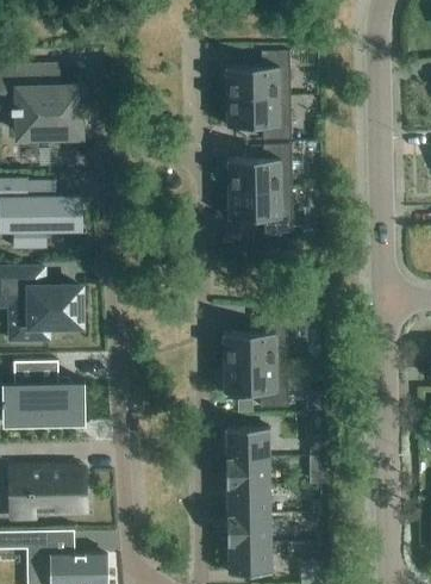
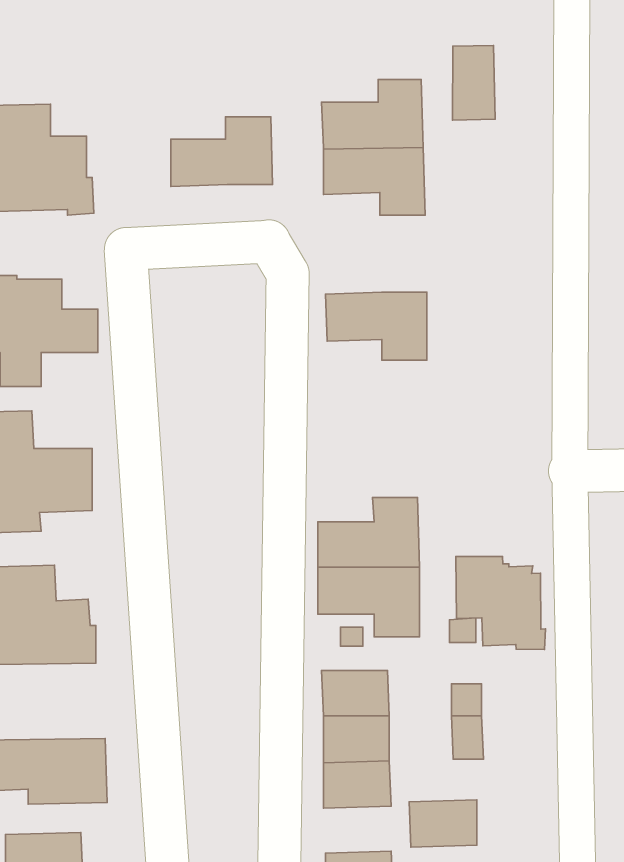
building: none -> [453,45,495,120]
building: [229,145,293,190] -> [171,117,273,186]
building: none -> [456,557,545,650]
building: [227,514,270,543] -> [409,800,477,847]

